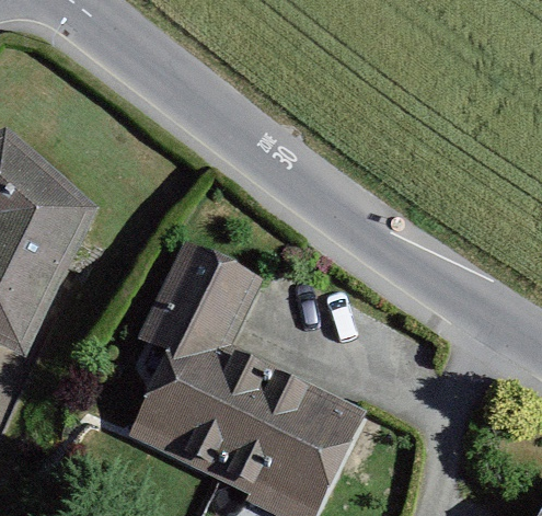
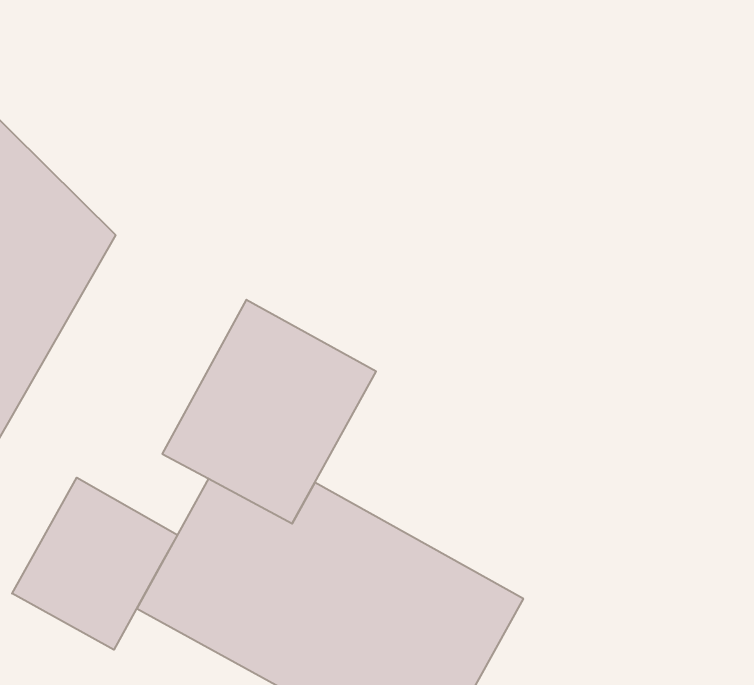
building: none -> [12,478,177,650]

